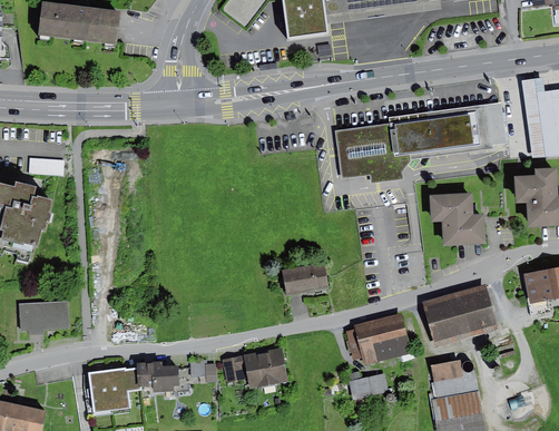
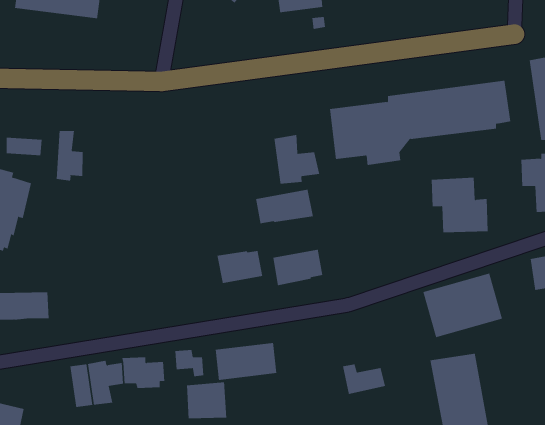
building: none -> [56,130,83,182]
building: none -> [274,134,320,184]
building: none -> [255,189,313,224]
building: none -> [217,250,263,284]
building: [352,317,411,361] -> none
building: none -> [186,382,227,419]

